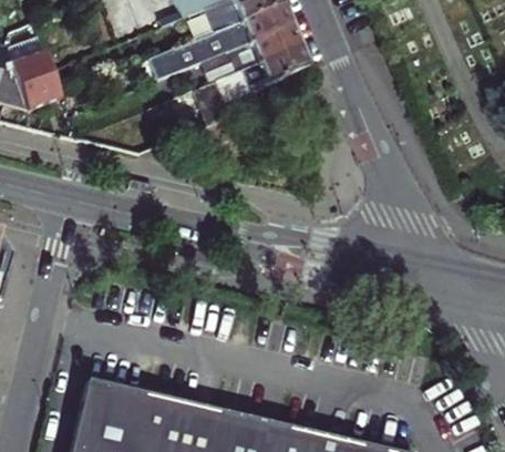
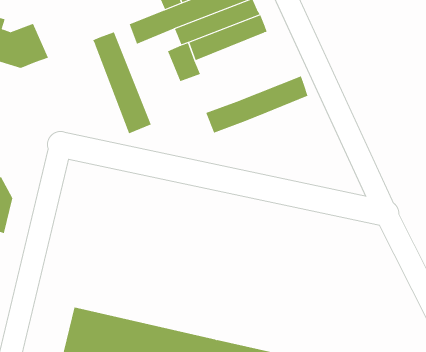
building: none -> [93,31,151,134]
building: none -> [205,76,308,133]

